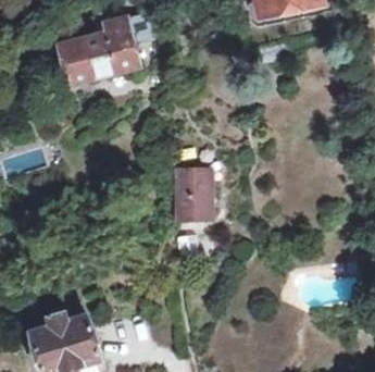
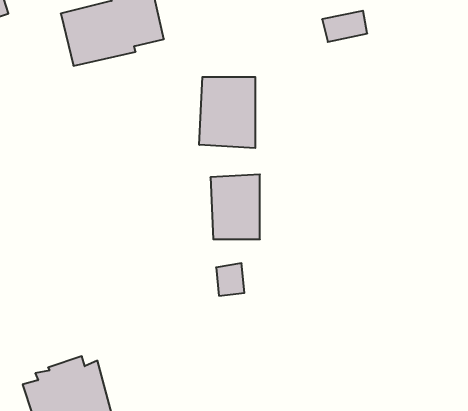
building: none -> [199,77,255,148]

